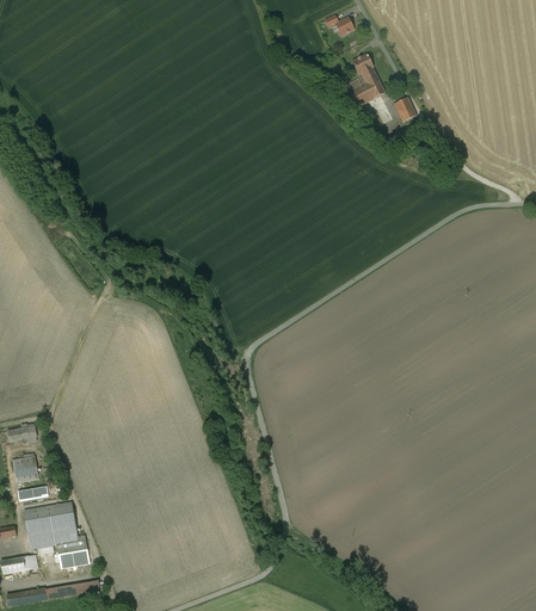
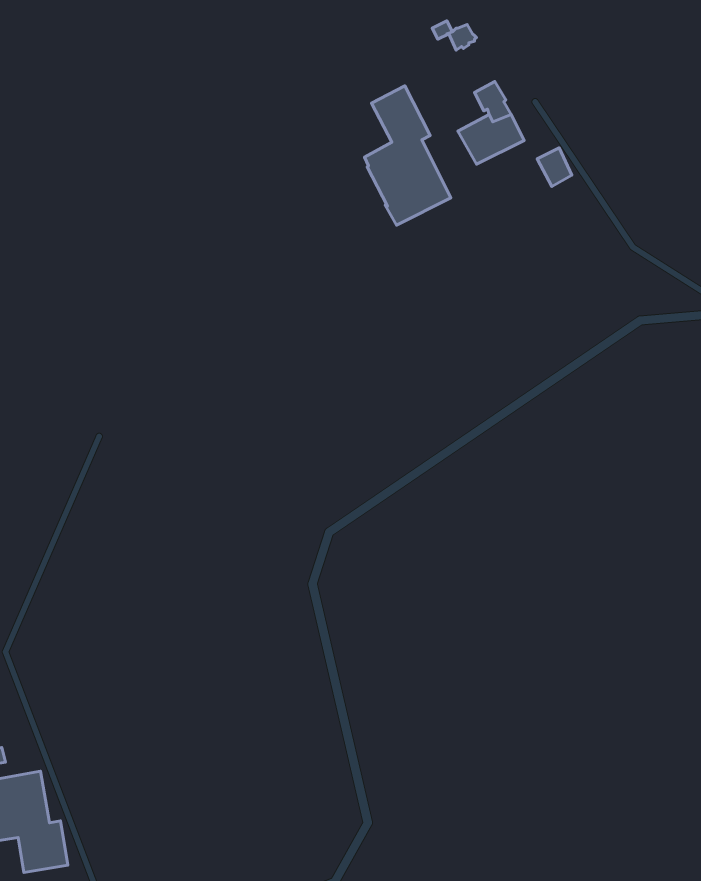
building: none -> [365,86,451,225]

